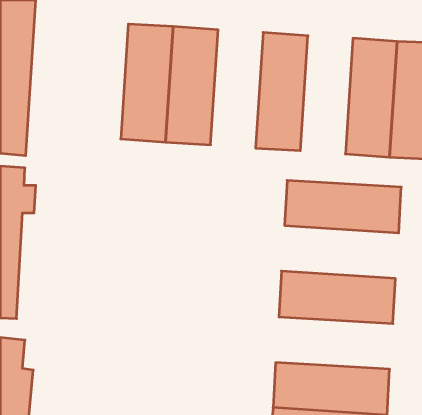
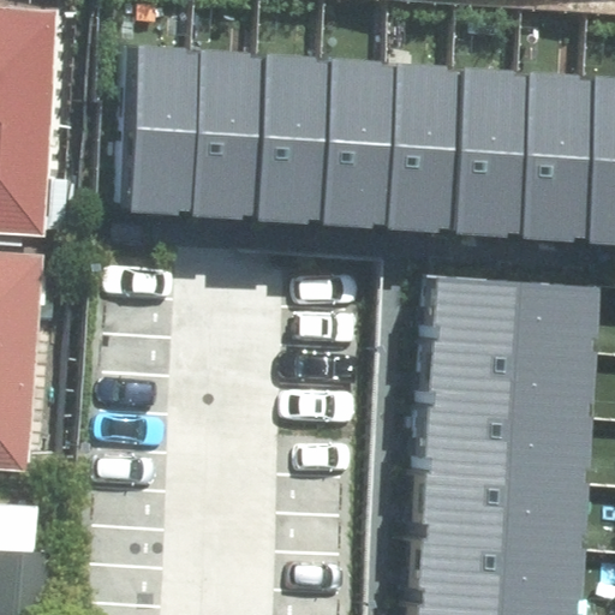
building: none -> [114,44,190,215]
building: none -> [309,58,384,228]
building: none -> [438,66,514,237]
building: none -> [411,340,580,417]
building: none -> [402,472,572,548]

